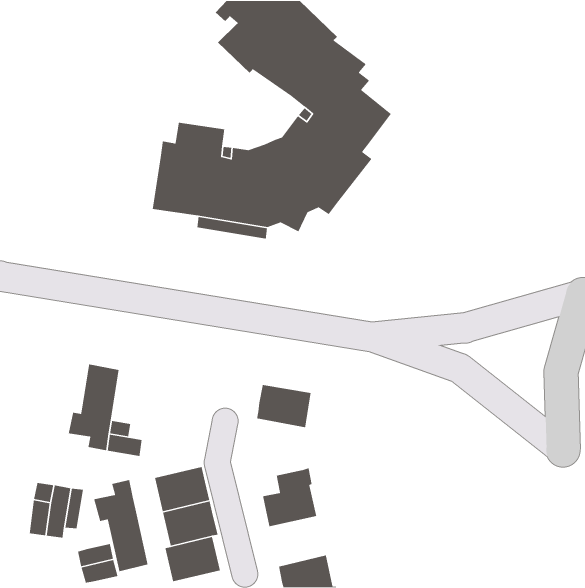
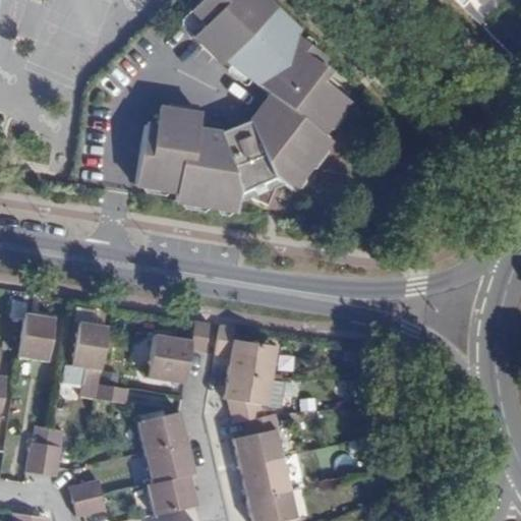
building: none -> [20,313,55,361]
building: none -> [149,321,211,384]
building: none -> [225,370,287,423]
building: [93,479,149,572] -> none
building: none -> [240,457,291,501]

